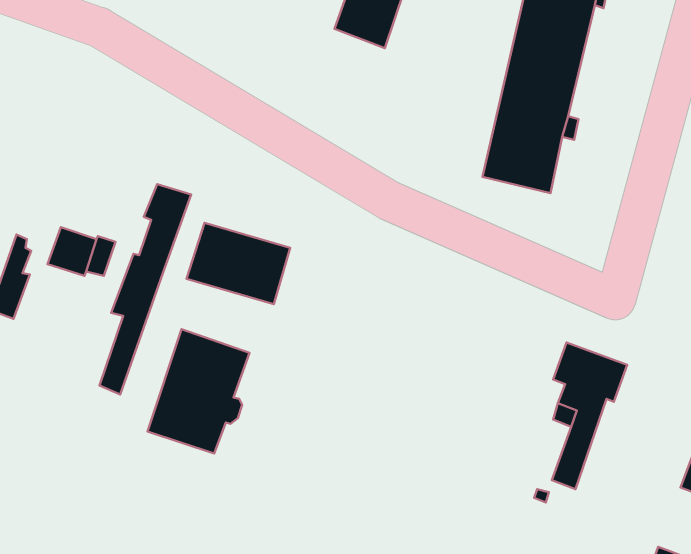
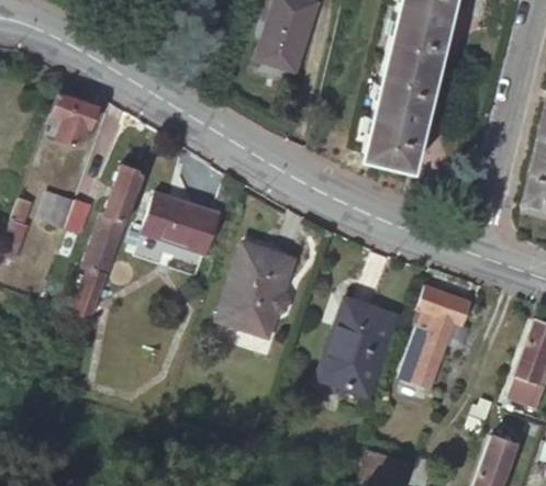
building: none -> [46,93,97,149]
building: [148,329,250,454] -> [221,236,297,328]
building: none -> [319,297,397,392]

